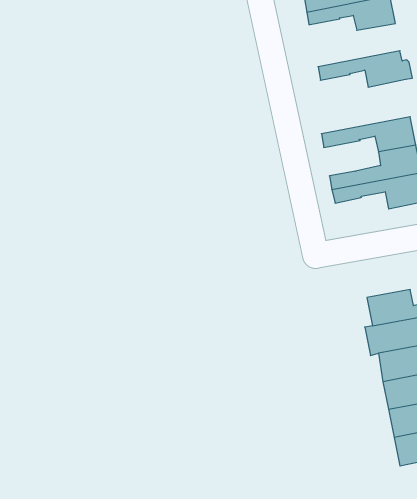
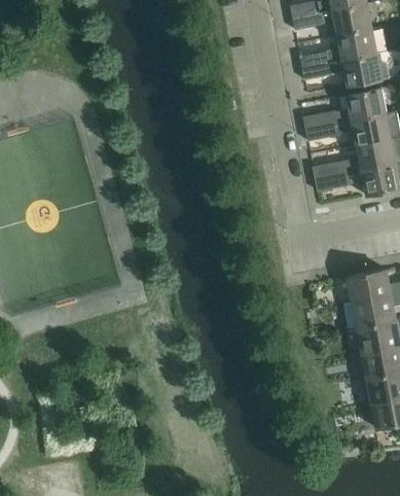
building: none -> [300,29,377,68]
building: none -> [304,87,387,129]

